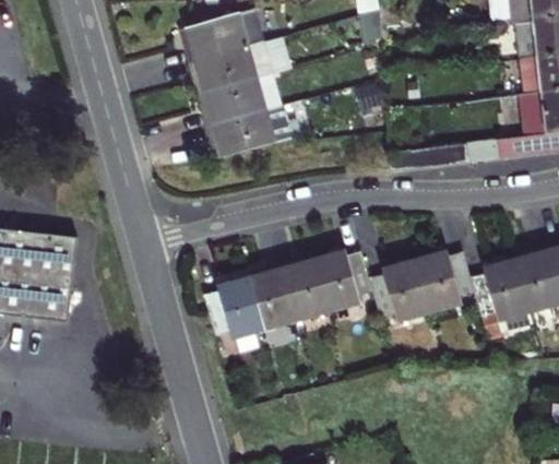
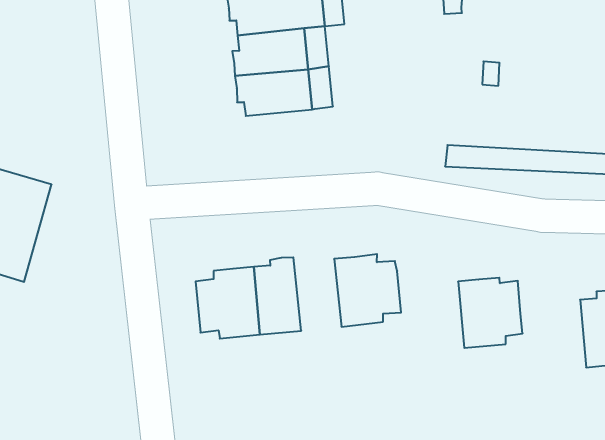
building: [469,258,530,320] -> none
building: [280,259,328,321] -> none
building: [369,260,429,322] -> none

